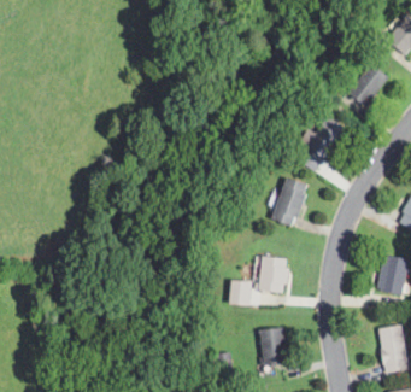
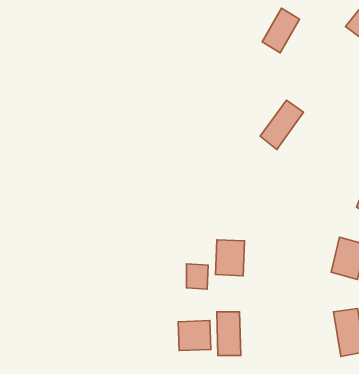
building: [350,62,387,106] -> [262,8,299,53]
building: [275,177,307,226] -> none
building: none -> [178,321,211,350]

